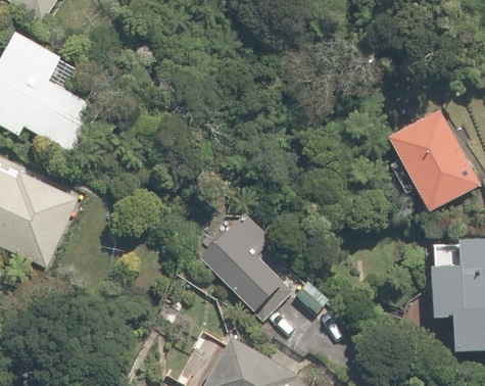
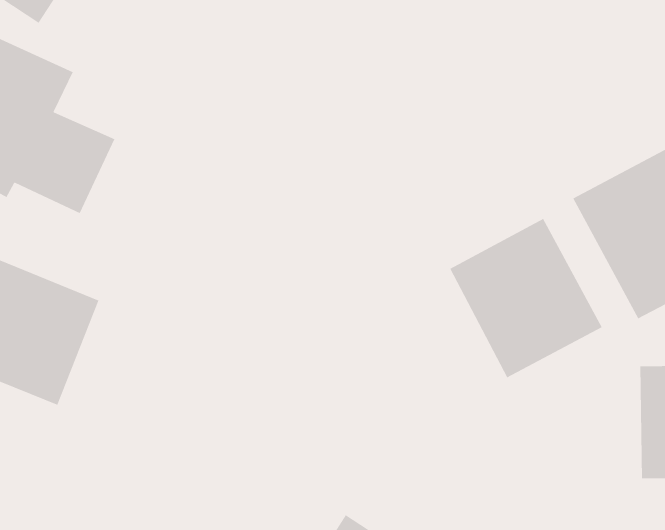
building: none -> [449,218,603,379]
building: [195,218,281,309] -> none

